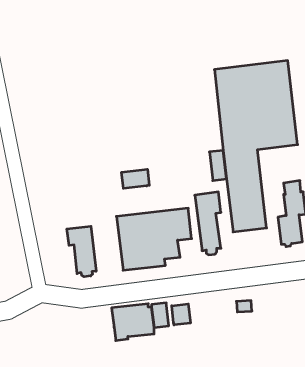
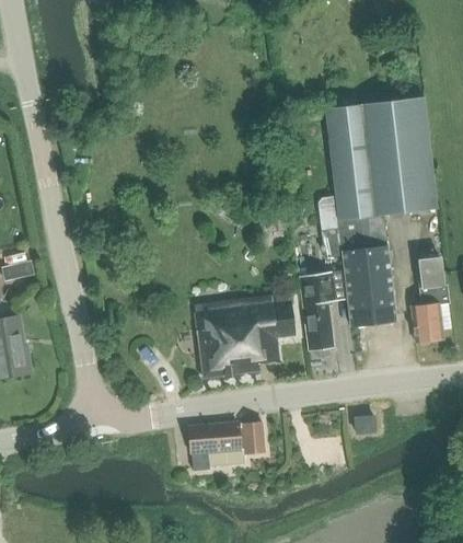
building: [122,169,149,188] -> none
building: [67,226,96,277] -> none
building: [172,304,190,325] -> none

